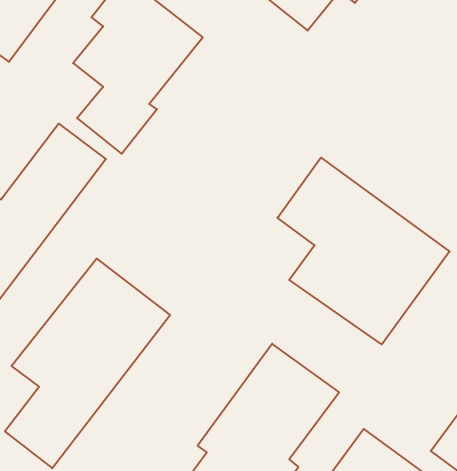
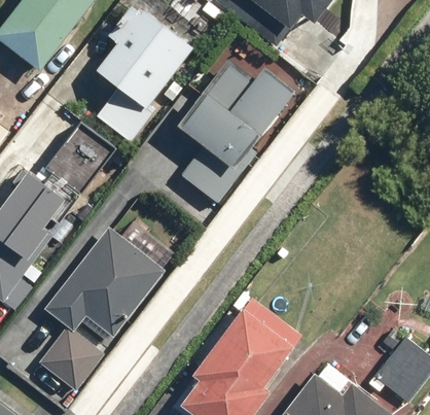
building: none -> [176,63,296,204]
building: [277,158,450,344] -> none

